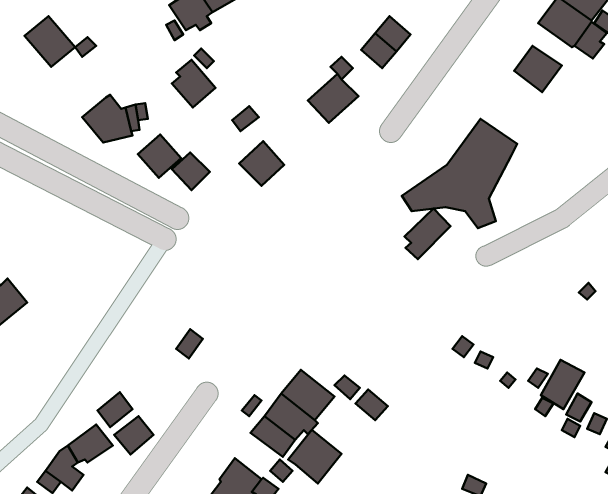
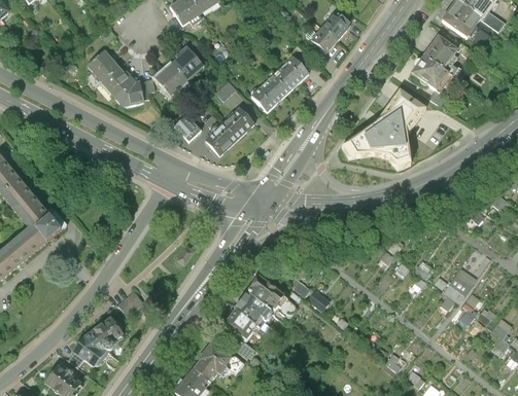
building: [24,16,75,67] -> [85,51,123,88]
building: none -> [409,55,451,95]
building: none -> [250,76,286,112]
building: [138,134,181,178] -> [154,64,186,96]
building: none -> [203,122,237,155]
building: [405,209,451,259] -> none
building: [114,416,154,455] -> none
building: [288,430,341,484] -> none

